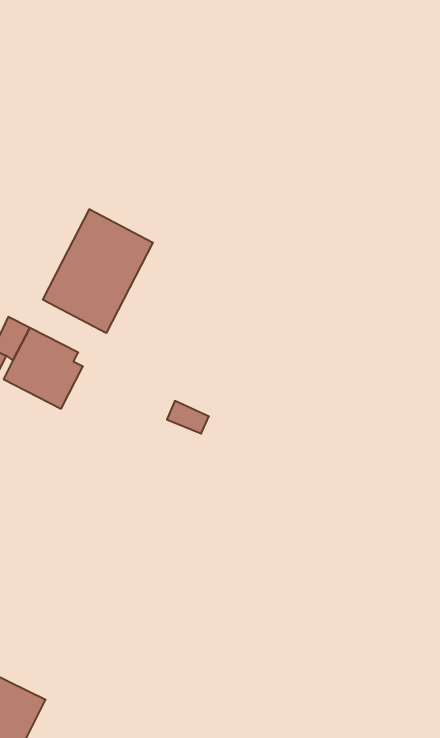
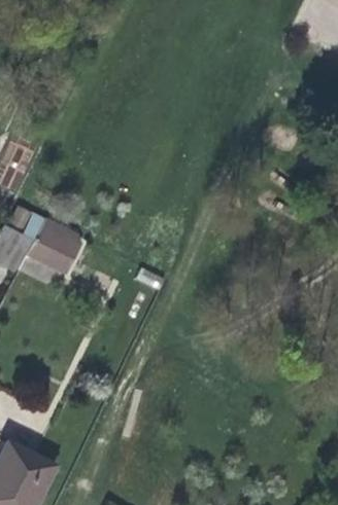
building: [43,209,153,333] -> none

